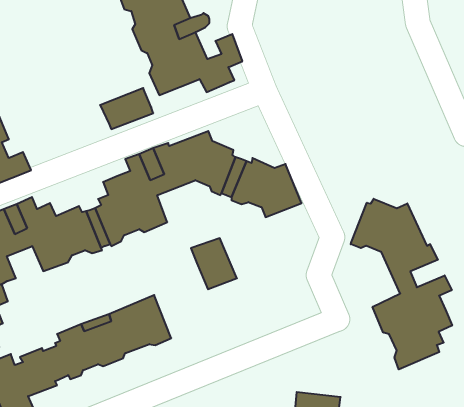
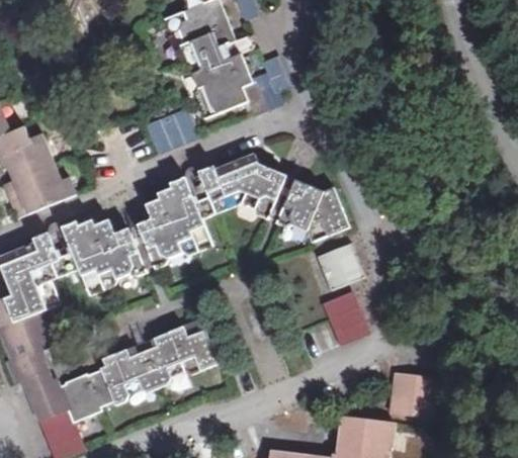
building: [351,199,452,369] -> none
building: none -> [317,242,363,287]
building: [191,238,237,289] -> [321,291,367,343]
building: none -> [391,373,438,420]

